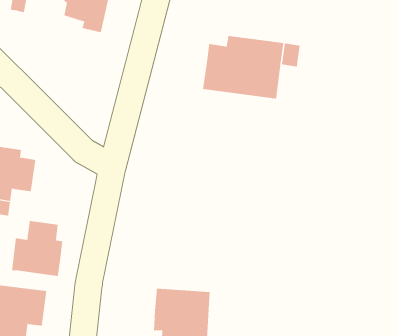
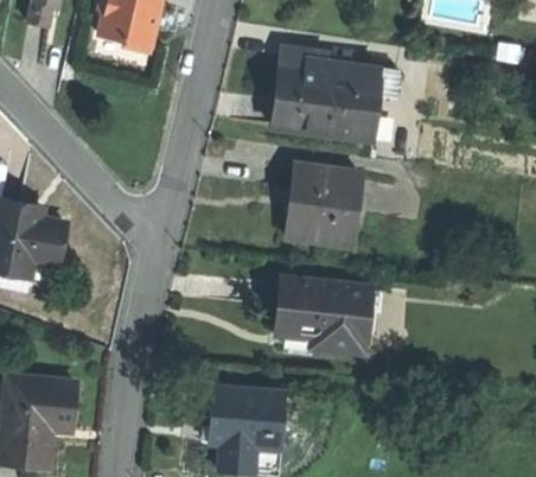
building: none -> [288,163,360,244]
building: none -> [276,275,376,355]
building: [11,220,63,277] -> none

